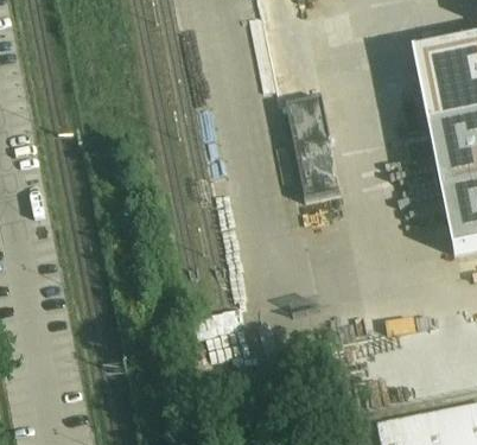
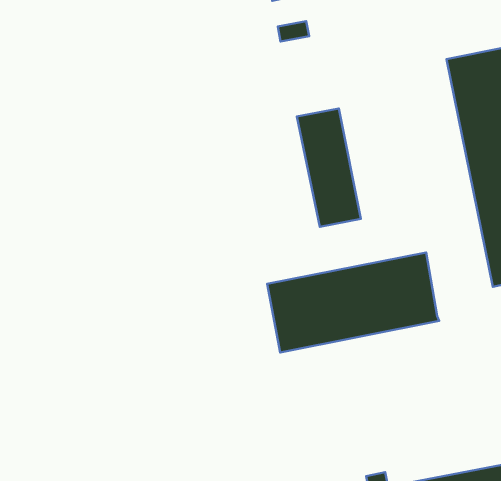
building: none -> [267,253,439,352]

